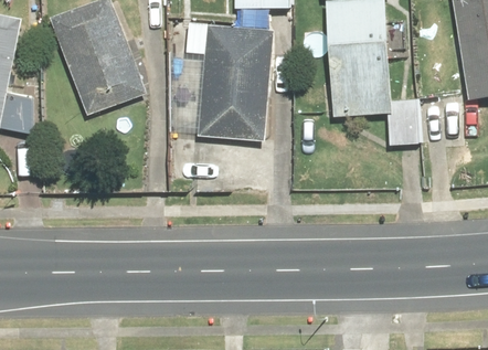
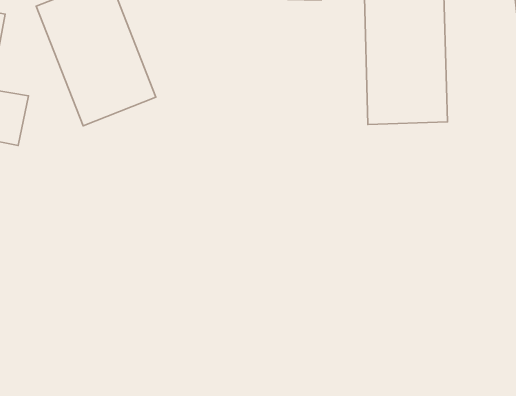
building: [195,24,274,145] -> none

